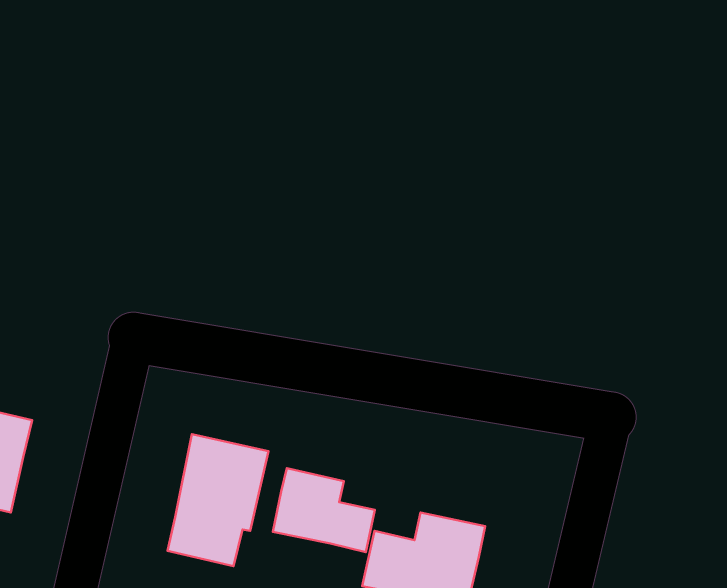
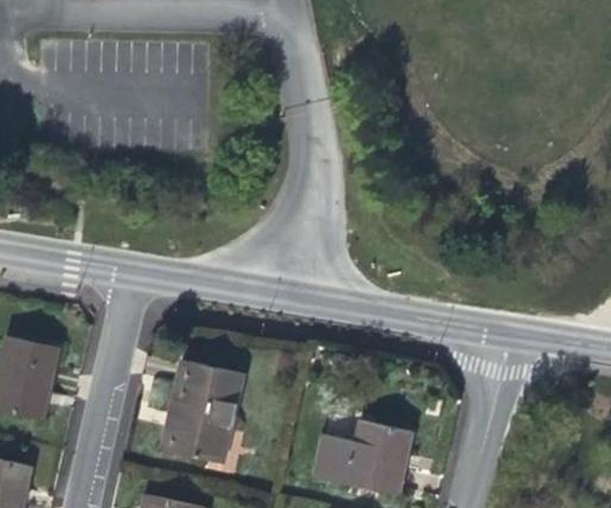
building: [273,468,375,552] -> none

